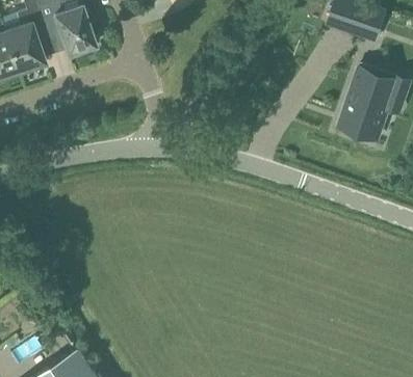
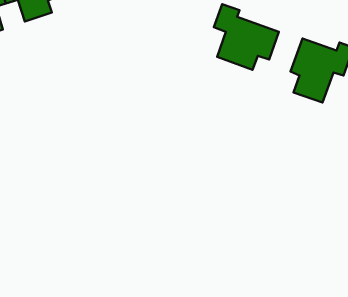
building: none -> [214,4,279,70]

